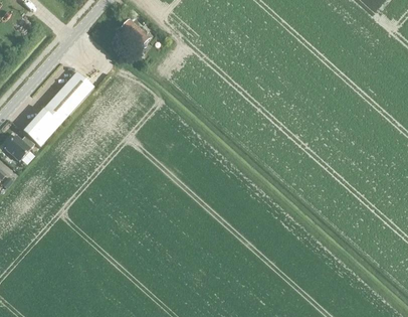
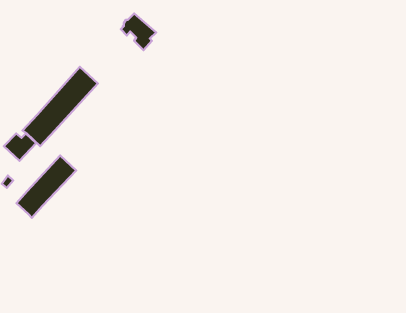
building: none -> [16,156,76,218]

